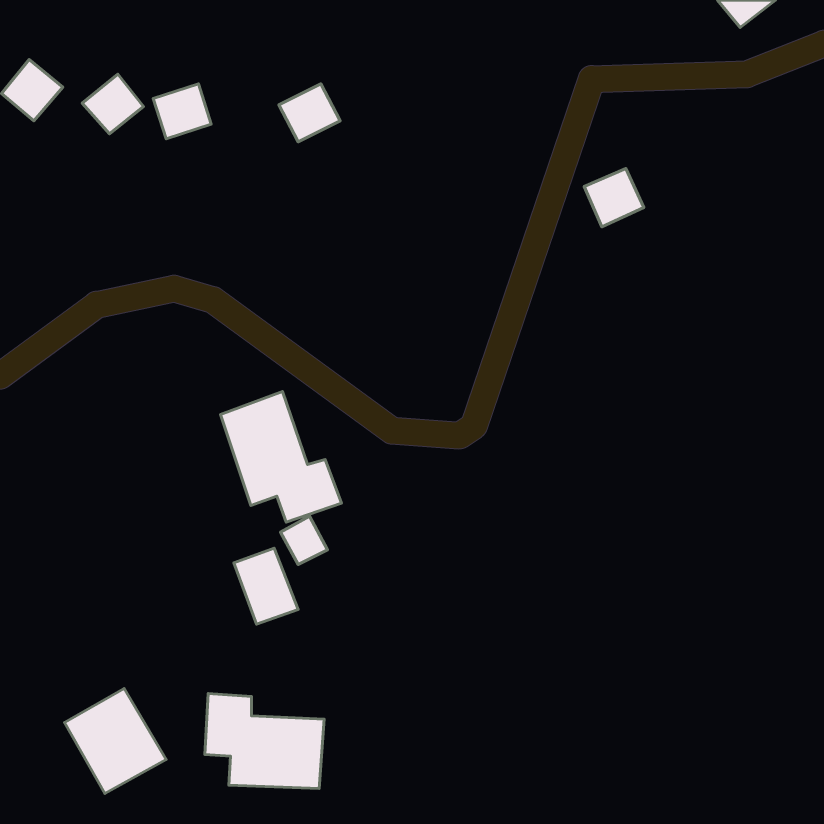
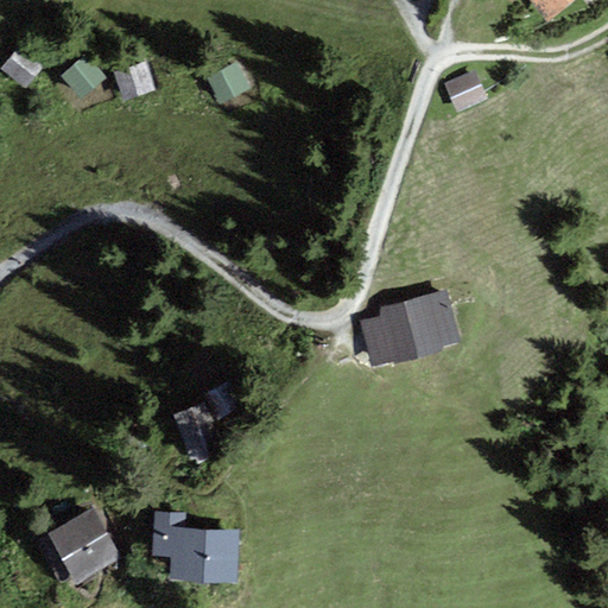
building: [584,169,644,227] -> [443,70,487,113]
building: [220,392,341,522] -> none
building: none -> [359,292,457,366]

